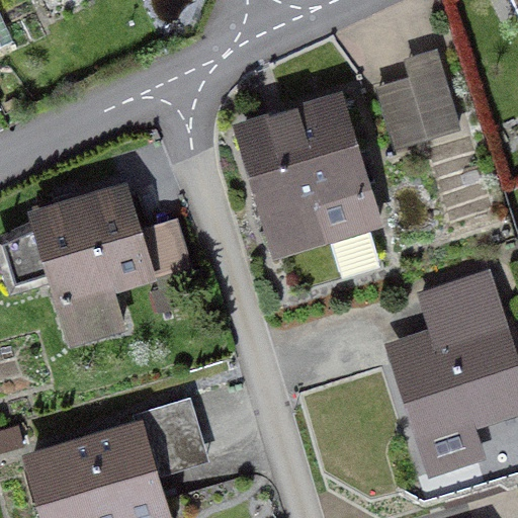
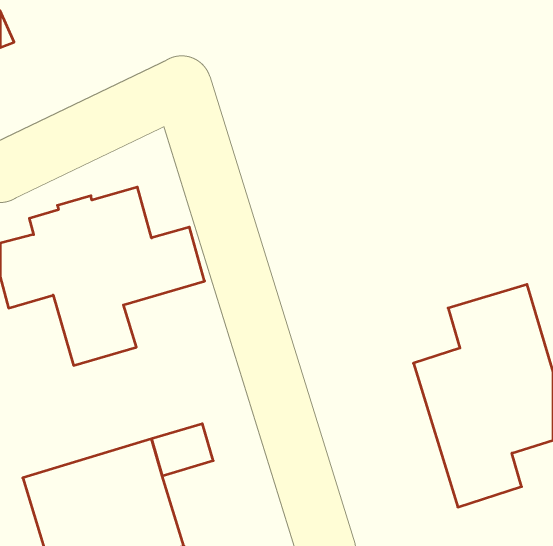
building: [375,52,461,153] -> none
building: [233,90,382,260] -> none

